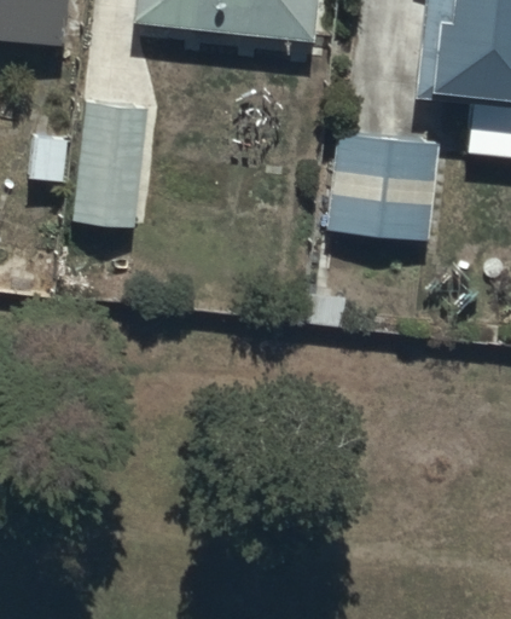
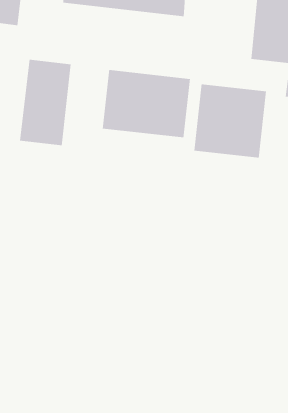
building: none -> [102,69,190,138]

